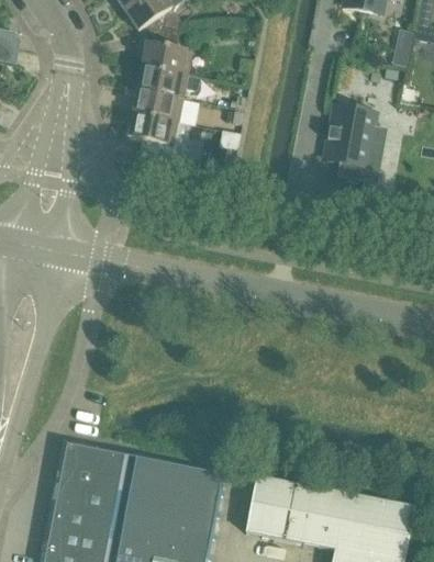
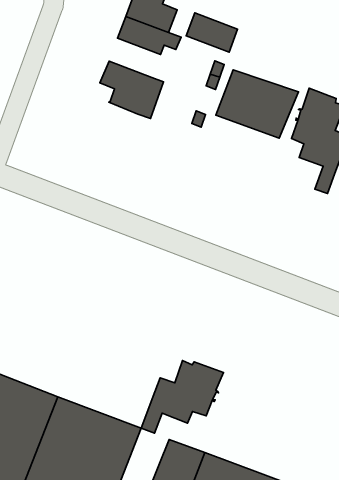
building: [134,90,183,123] -> [186,13,237,52]
building: none -> [216,70,298,138]
building: none -> [141,361,223,433]

